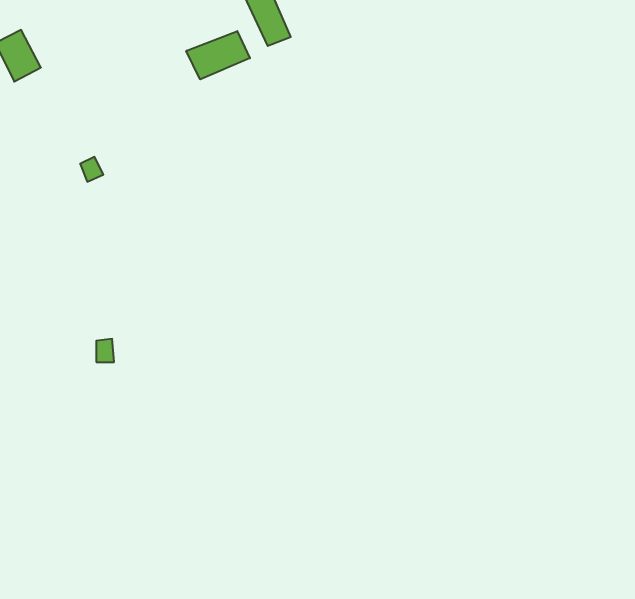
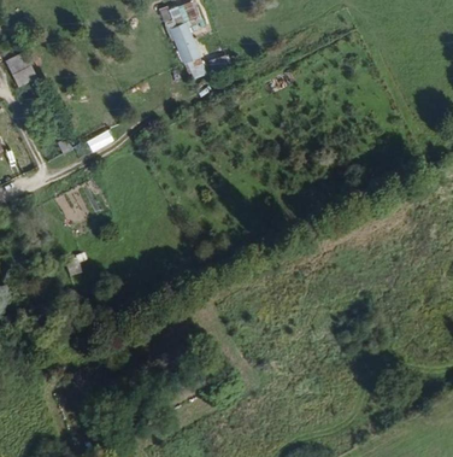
building: [186,31,250,79] -> none

